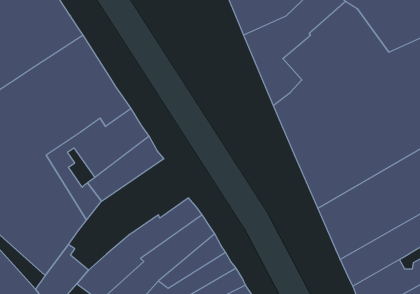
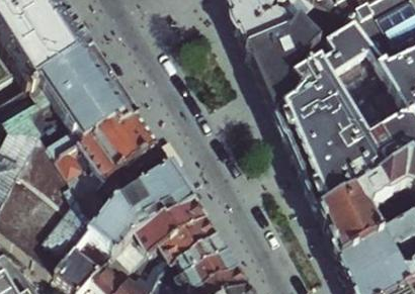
building: none -> [87,162,192,253]

